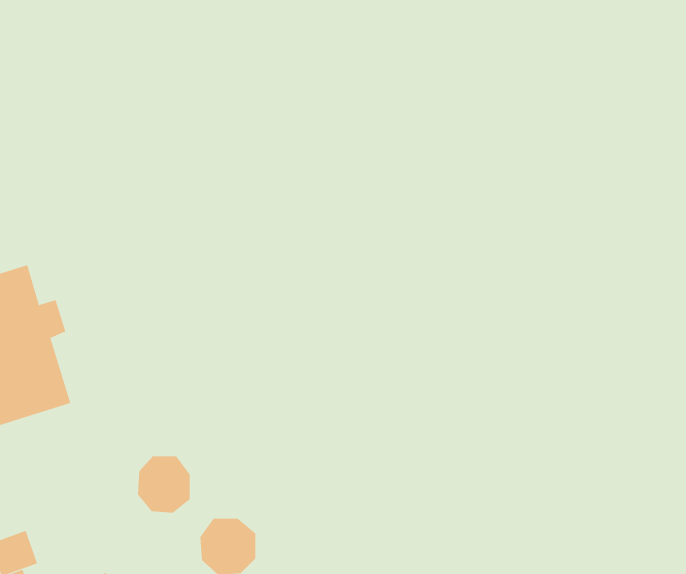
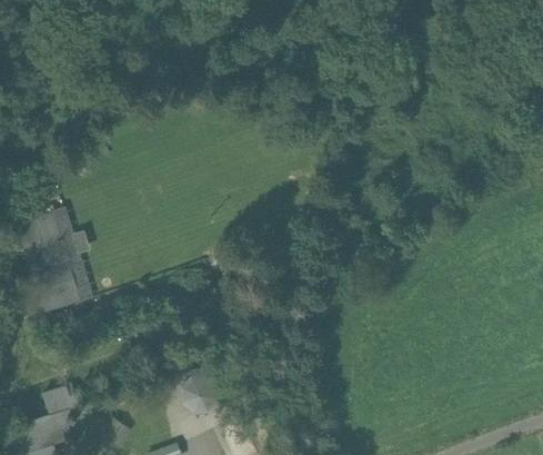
building: [137,455,190,514] -> none

